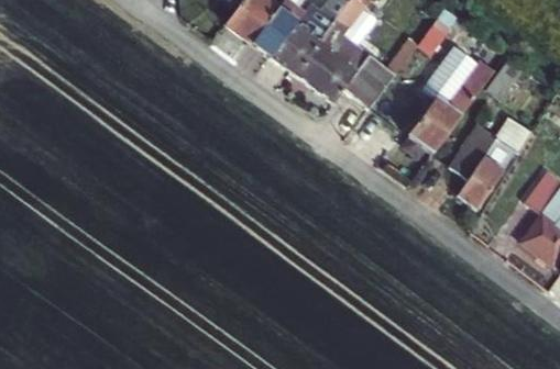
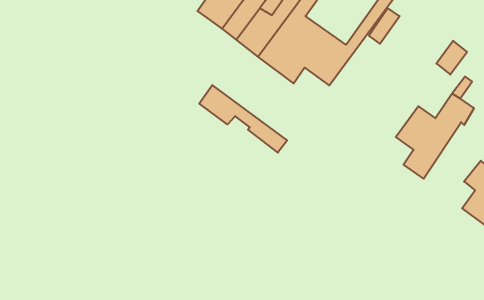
building: [405,43,495,156] -> none
building: none -> [199,85,287,153]

